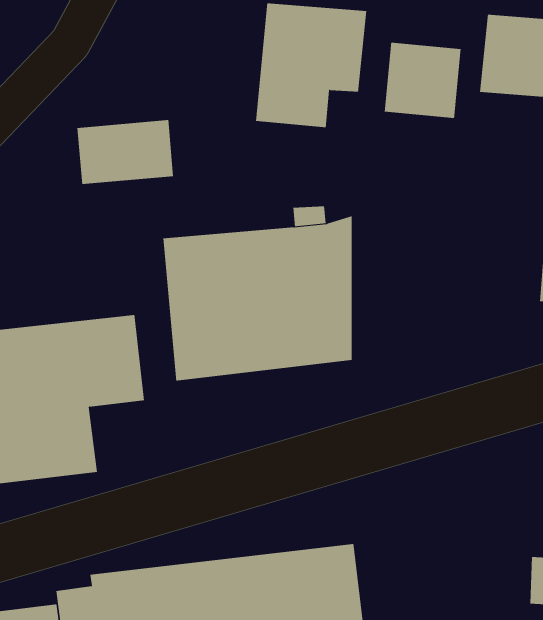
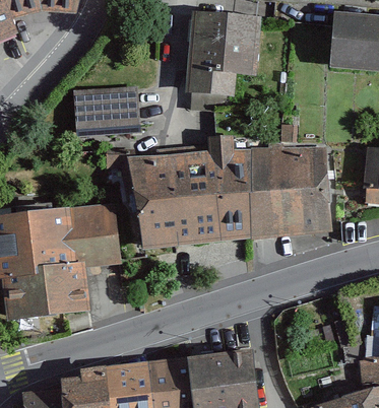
building: [384,42,461,119] -> none
building: none -> [248,146,328,236]

